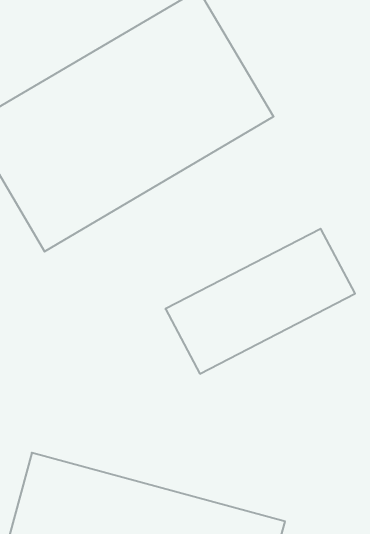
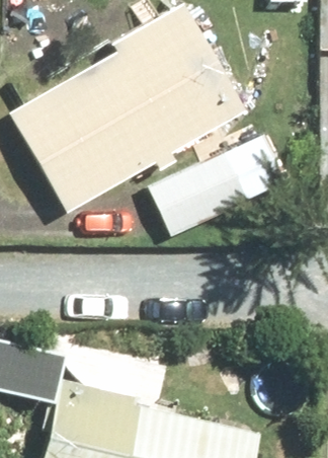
building: [165,229,355,374] -> [149,127,300,242]

